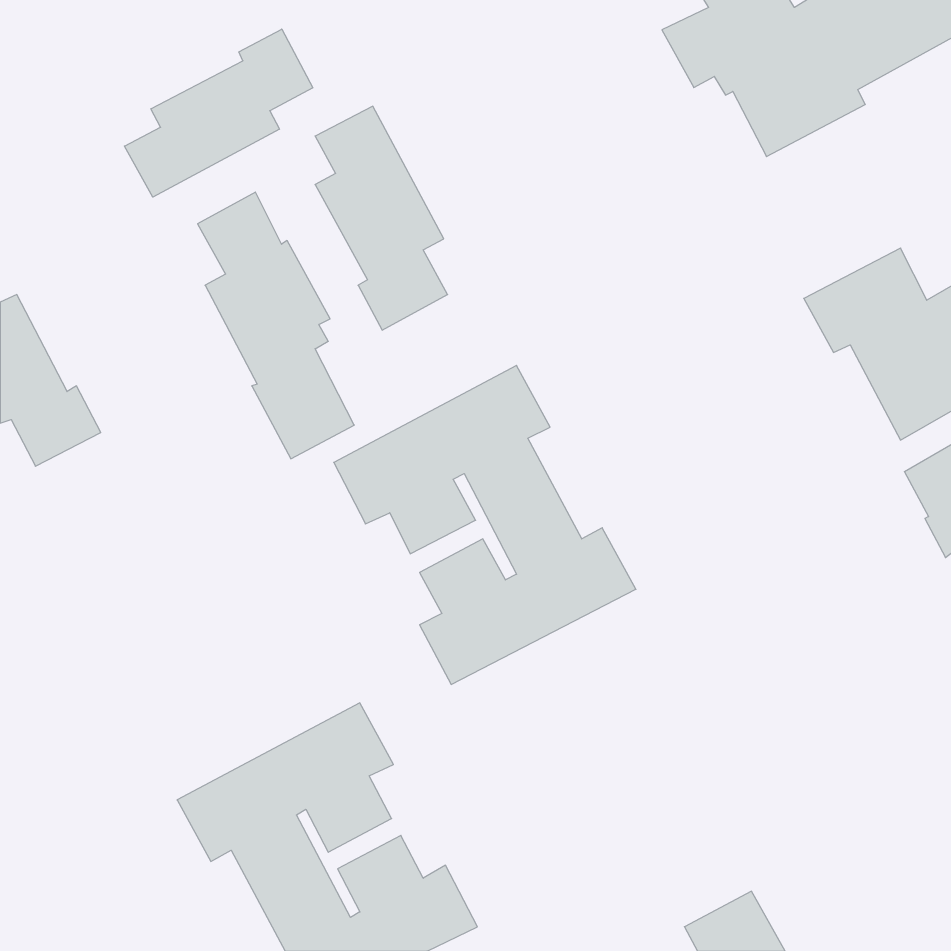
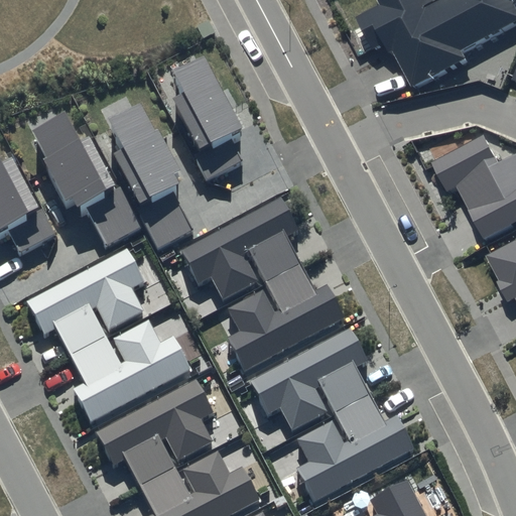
building: [124,29,313,197] -> none
building: none -> [31,114,141,245]
building: none -> [27,249,191,422]
building: none -> [251,330,414,502]

